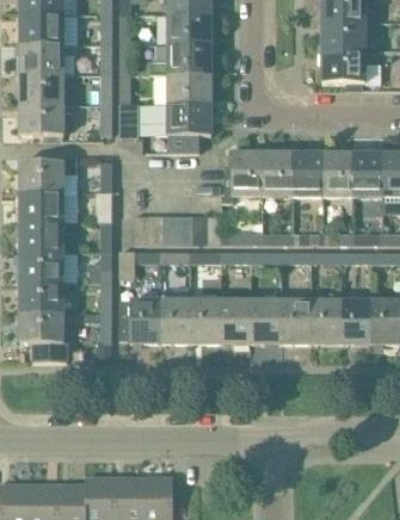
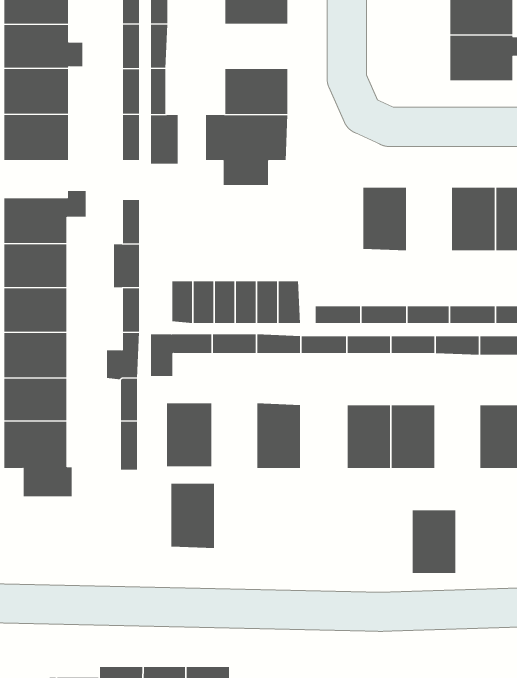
building: [148,43,211,74] -> none
building: [223,153,261,203] -> none
building: [291,153,321,196] -> none
building: [160,298,190,342] -> [171,483,215,549]
building: [220,299,251,342] -> none
building: [310,299,340,342] -> [412,510,456,574]

